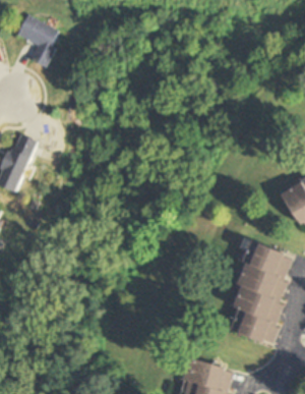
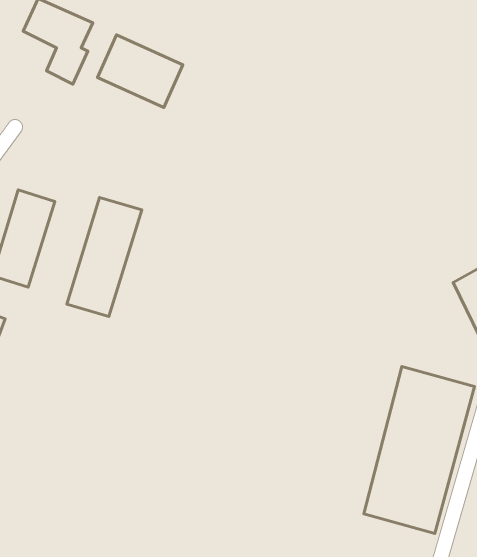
building: none -> [97,35,183,108]
building: none -> [67,197,142,317]

